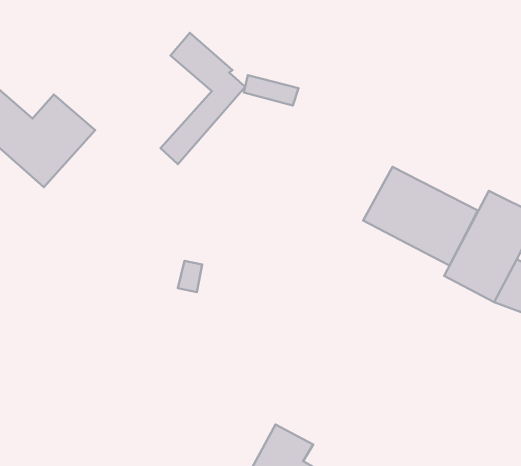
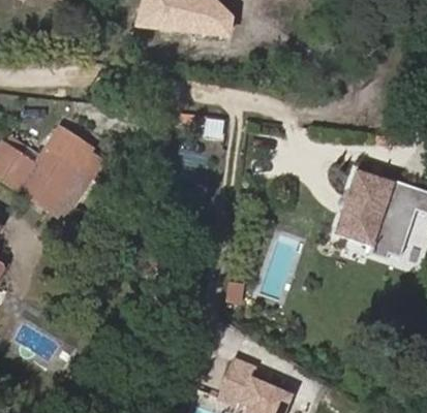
building: [160,33,245,164] -> [47,127,101,219]
building: [363,167,478,265] -> none

